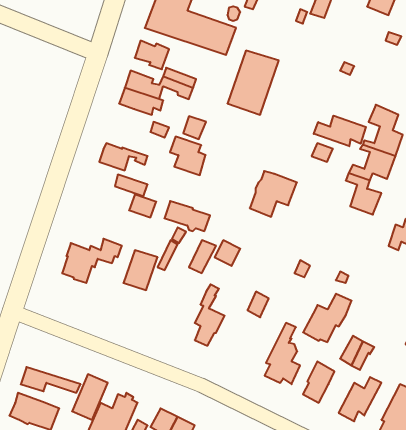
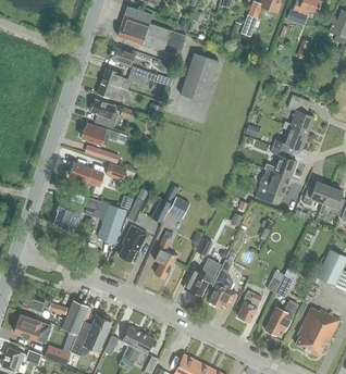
building: [314,116,366,146] -> none
building: [170,137,206,175] -> [90,99,118,128]
building: [250,171,297,217] -> [255,169,291,203]
building: [164,201,210,231] -> [69,162,103,185]
building: none -> [119,225,147,261]
building: [303,294,352,342] -> [183,258,220,295]

